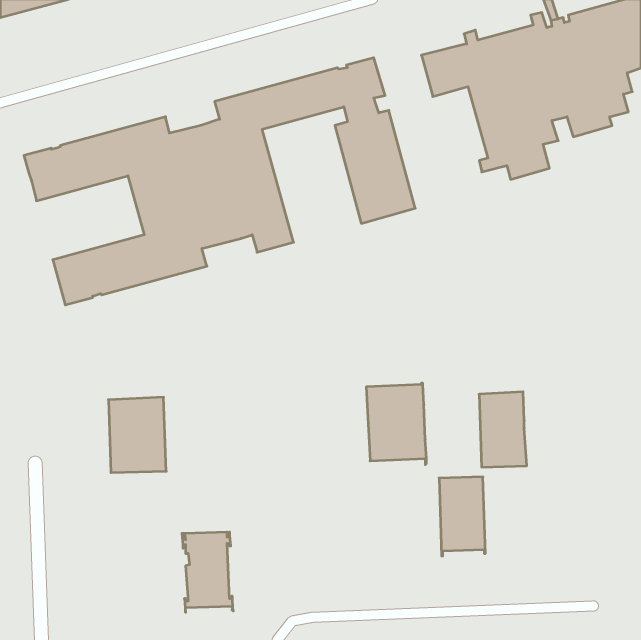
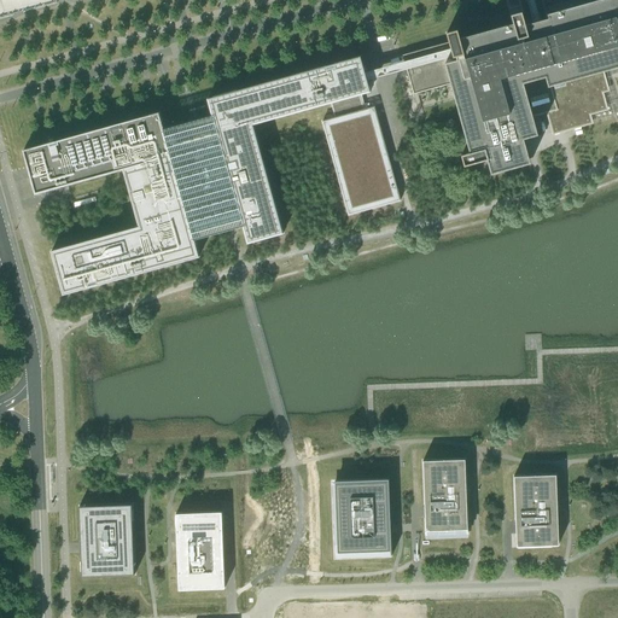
building: [366,383,426,465] -> [333,478,391,556]
building: [479,392,527,467] -> [513,473,559,546]
building: [108,397,166,473] -> [78,503,134,576]

